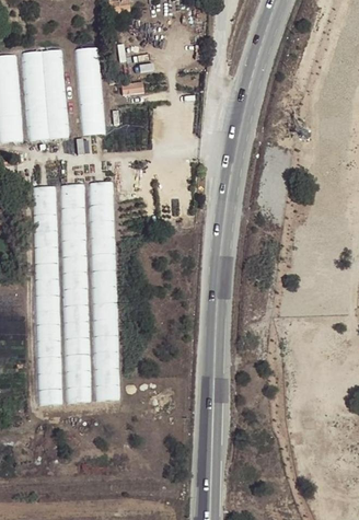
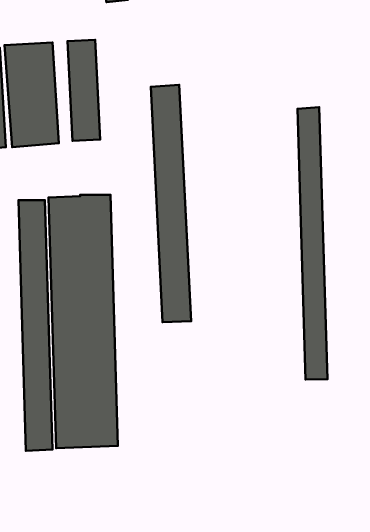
building: none -> [151,85,191,322]
building: none -> [297,107,328,379]

